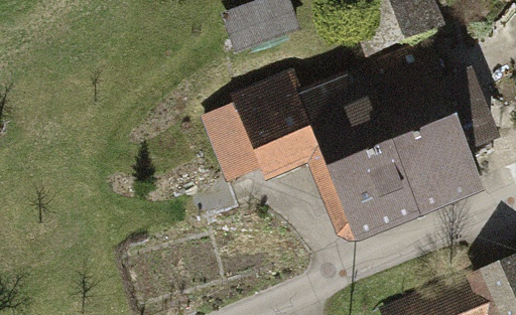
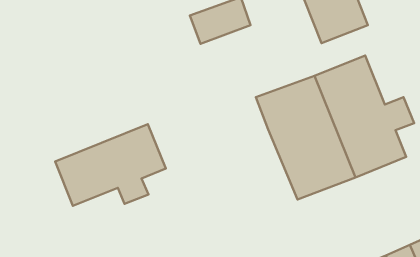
building: [210,80,322,180] -> none
building: none -> [55,124,166,206]

